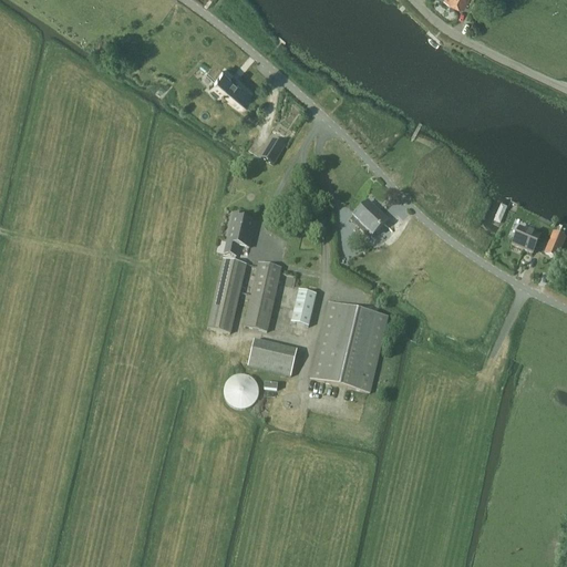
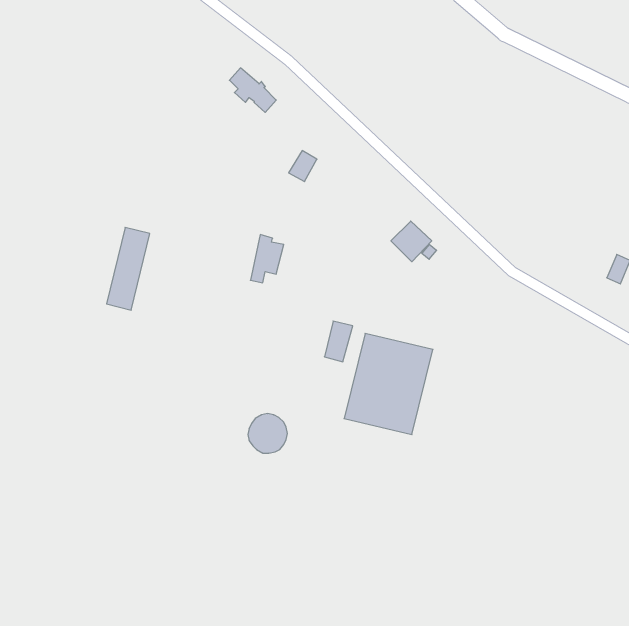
building: [513,224,542,250] -> none
building: [208,256,247,330] -> [107,227,150,310]
building: [245,260,284,329] -> none
building: [248,337,297,373] -> none

